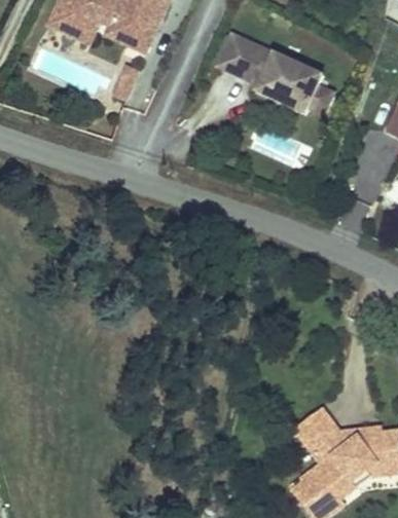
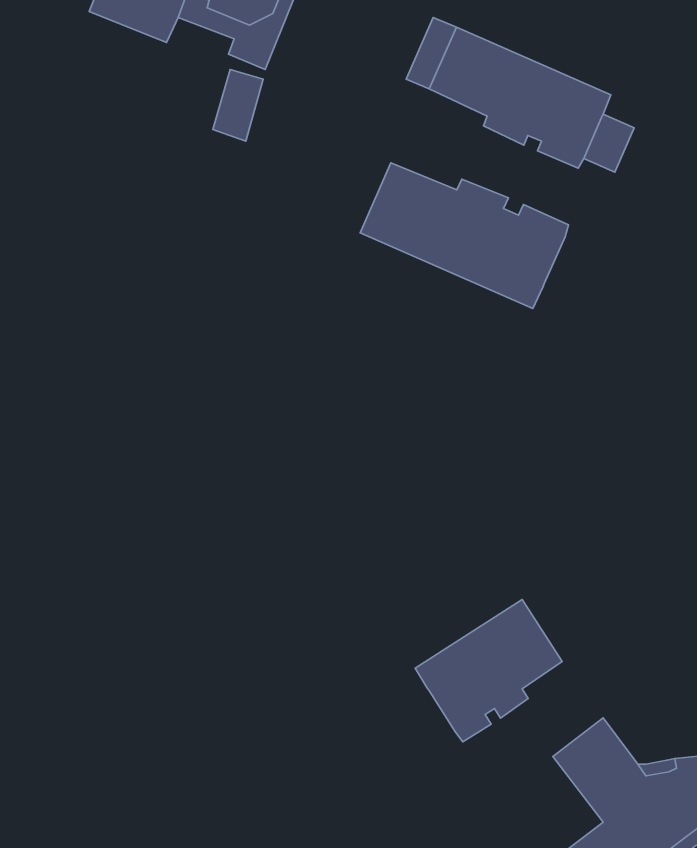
building: none -> [360,163,569,309]
building: none -> [415,599,562,742]

